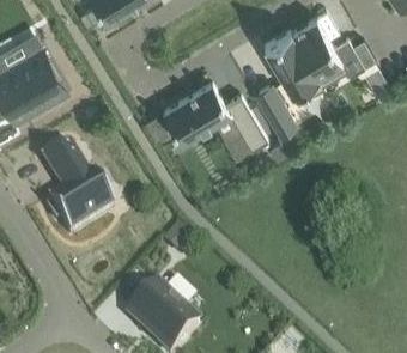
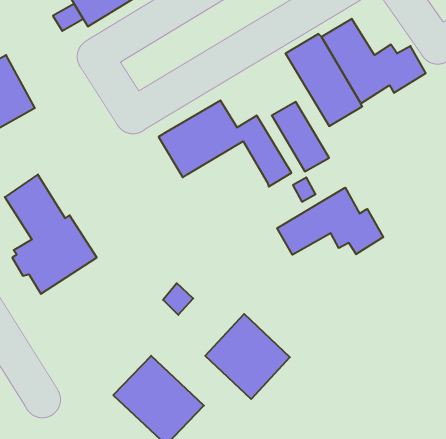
building: none -> [277,188,383,255]
building: none -> [205,314,290,399]

